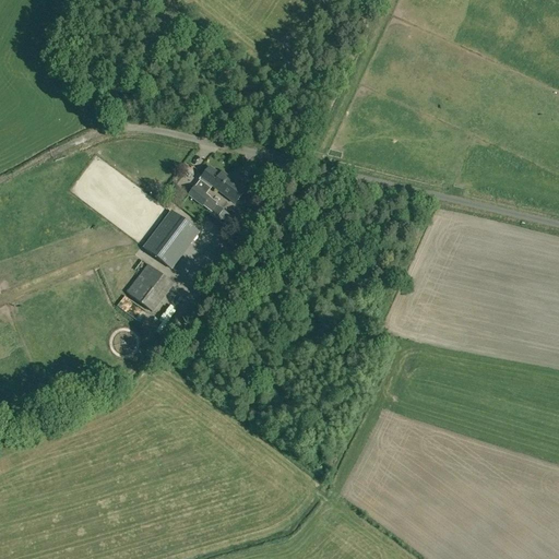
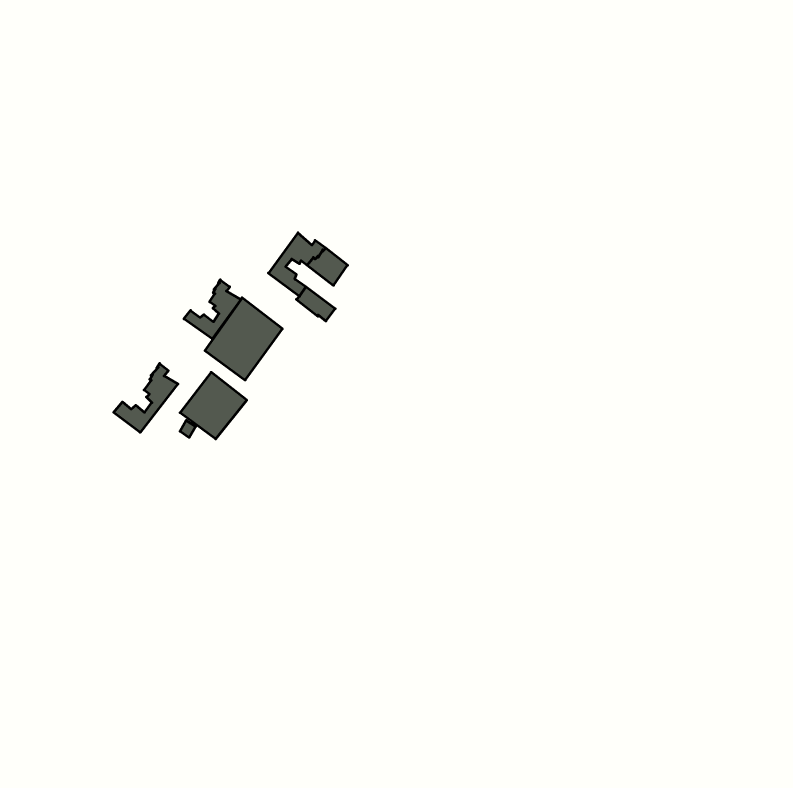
building: none -> [184,280,241,339]
building: none -> [114,363,178,432]

